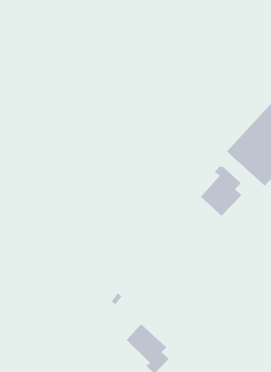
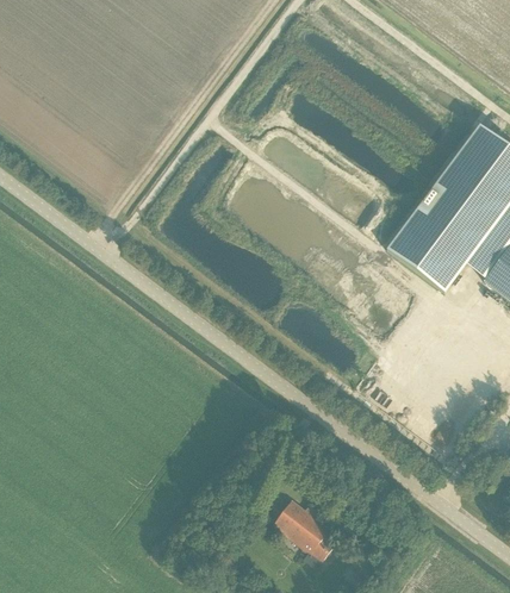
building: [200,166,242,217] -> none

